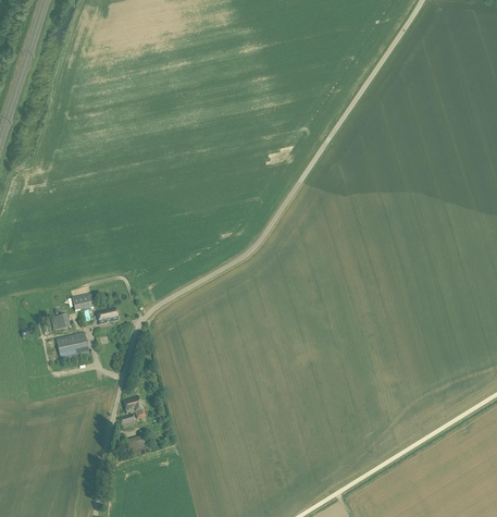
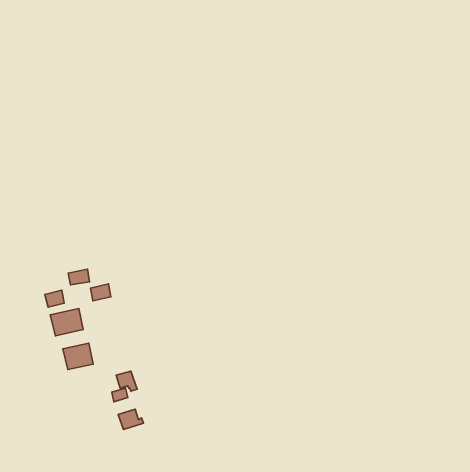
building: none -> [63,343,93,370]

